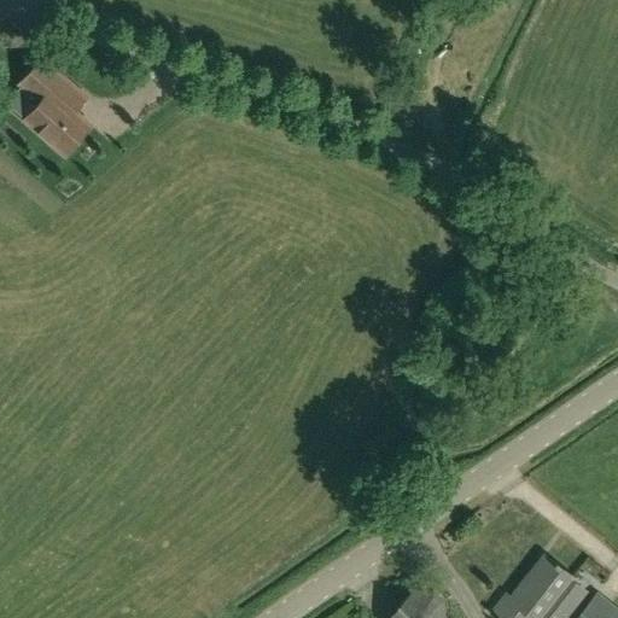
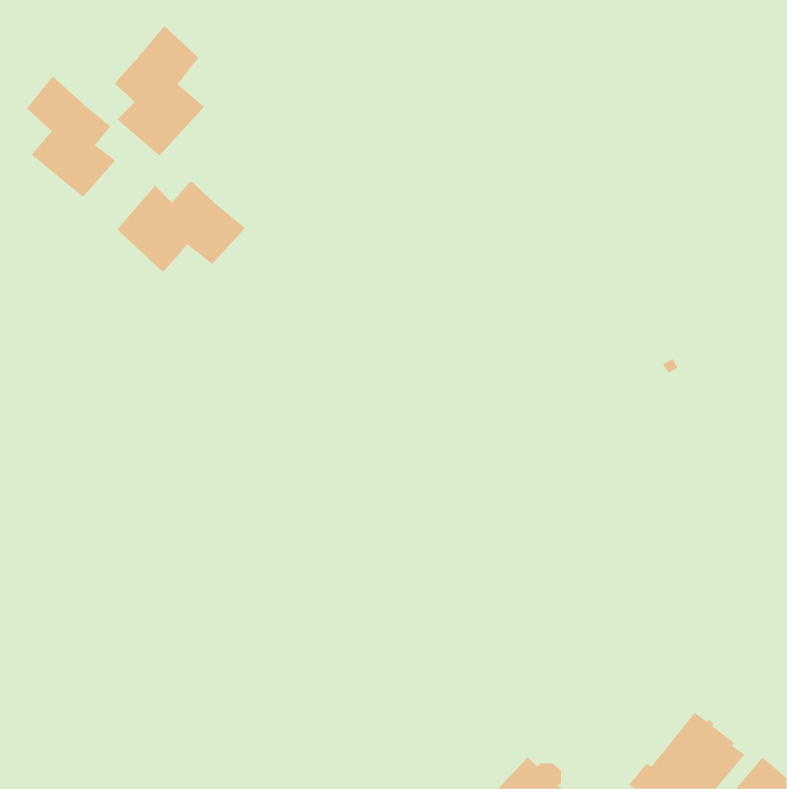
building: none -> [114,25,205,156]
building: none -> [116,180,246,273]

